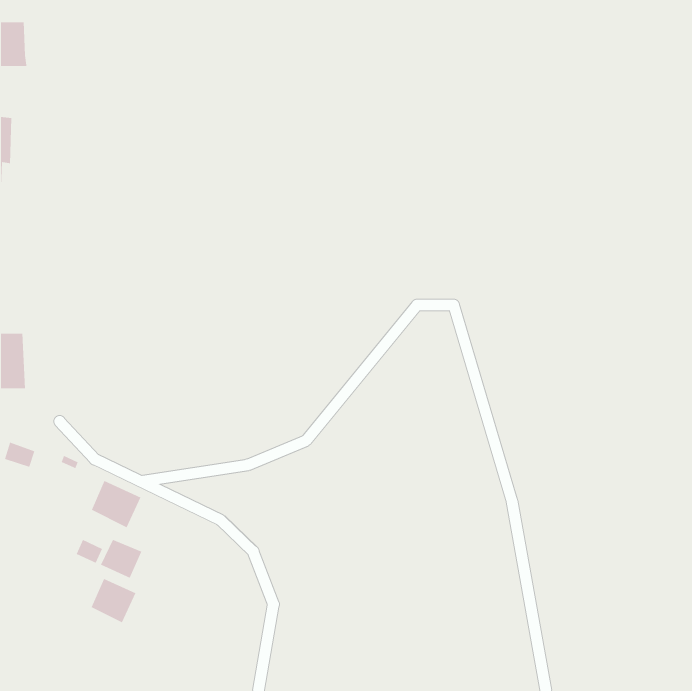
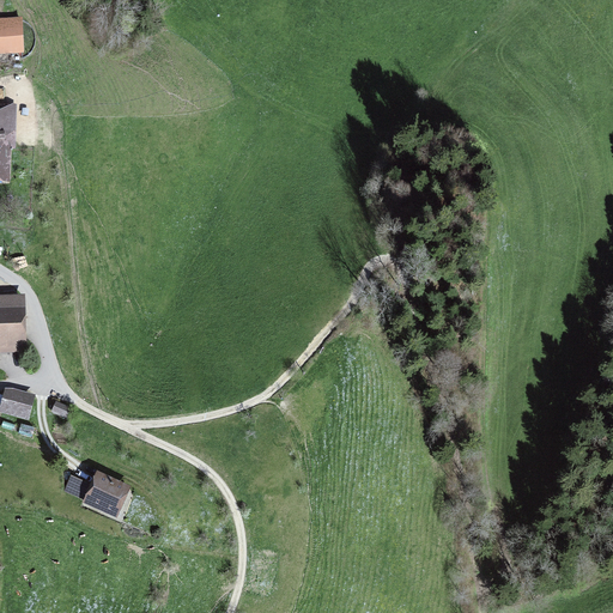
building: [91,480,141,528] -> none
building: [91,578,136,623] -> none

